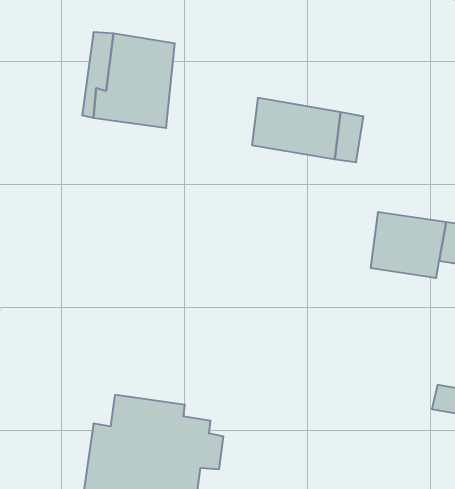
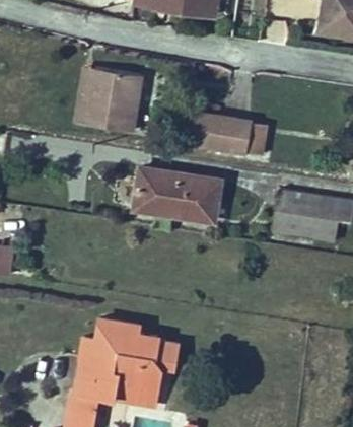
building: none -> [136,166,228,225]

